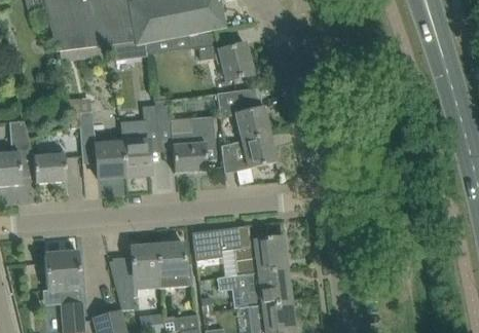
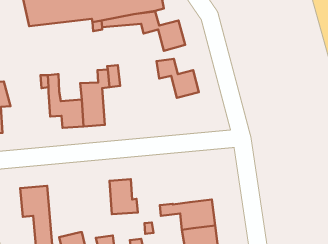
building: [172,116,217,172] -> none
building: [221,133,277,172] -> none
building: [33,149,67,183] -> none
building: [193,228,287,274] -> none
building: [110,245,160,309] -> none

